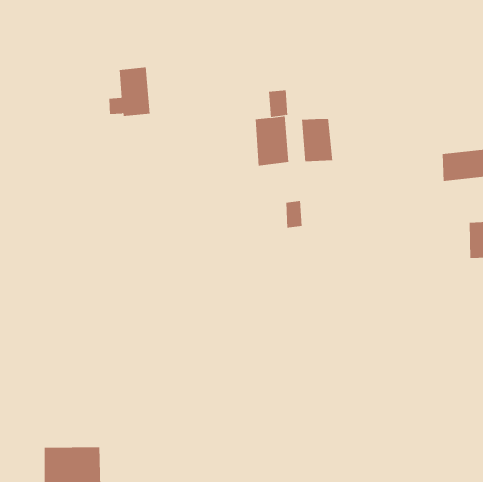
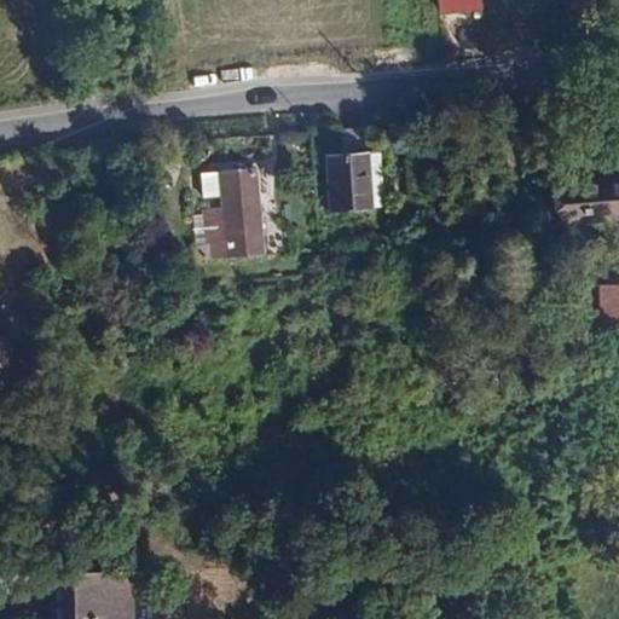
building: [108,67,150,117] -> [210,175,264,238]
building: [301,118,333,162] -> none

